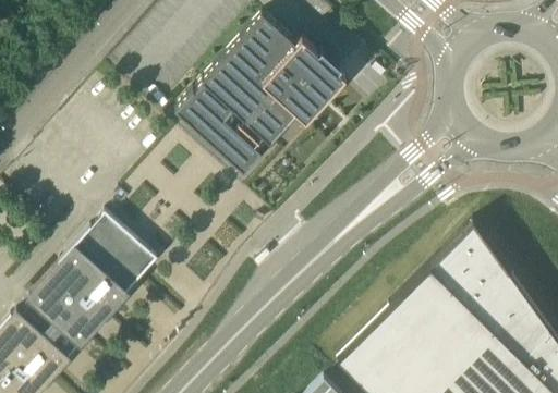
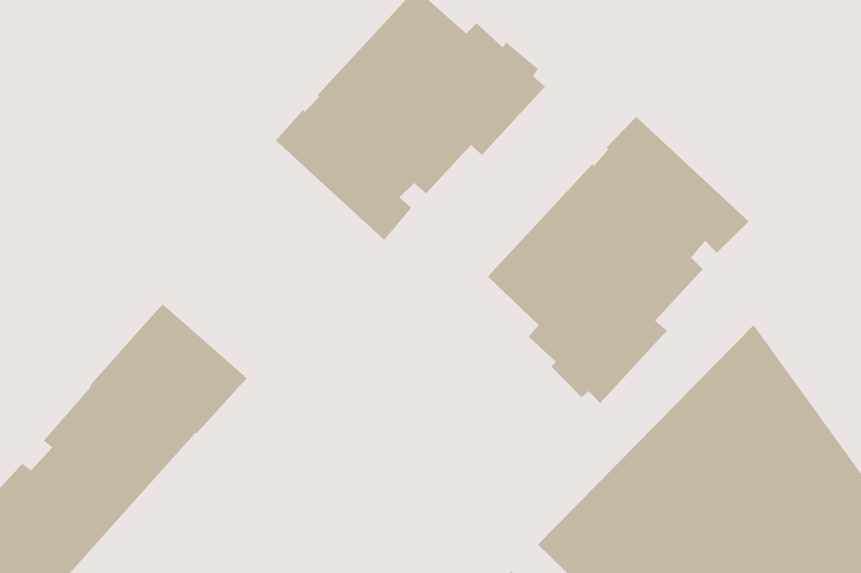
building: none -> [487,116,749,404]

